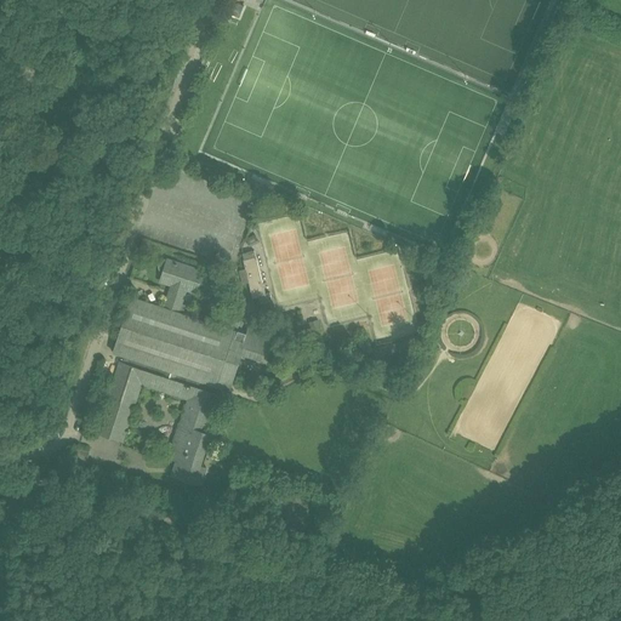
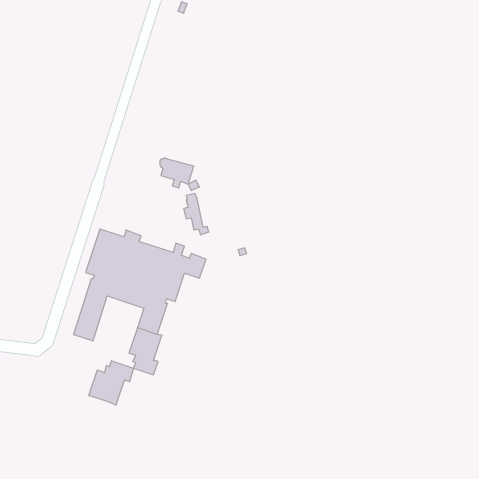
building: [156,260,200,298] -> [160,158,194,188]
building: none -> [89,361,134,405]

